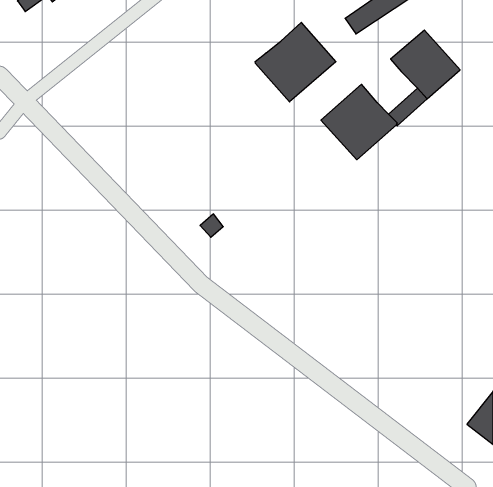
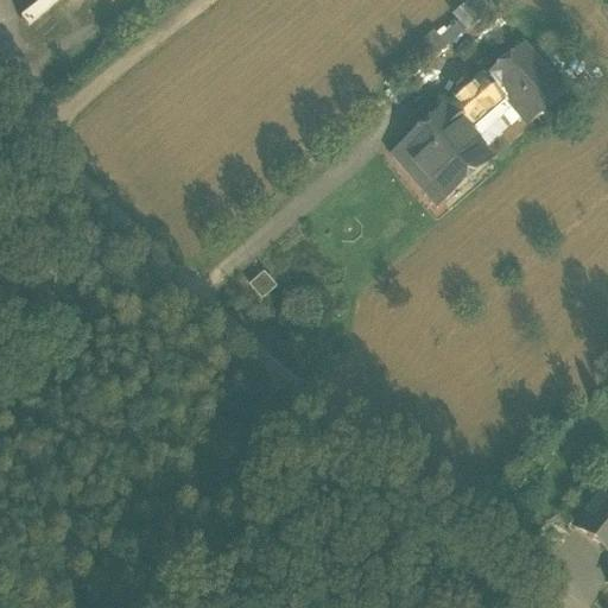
building: [255,22,336,102] -> none
building: none -> [444,72,493,126]

